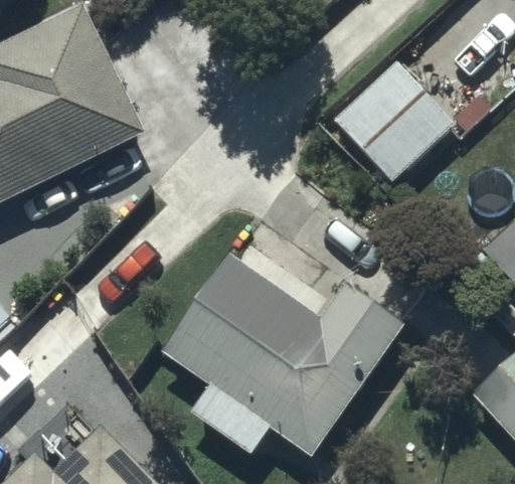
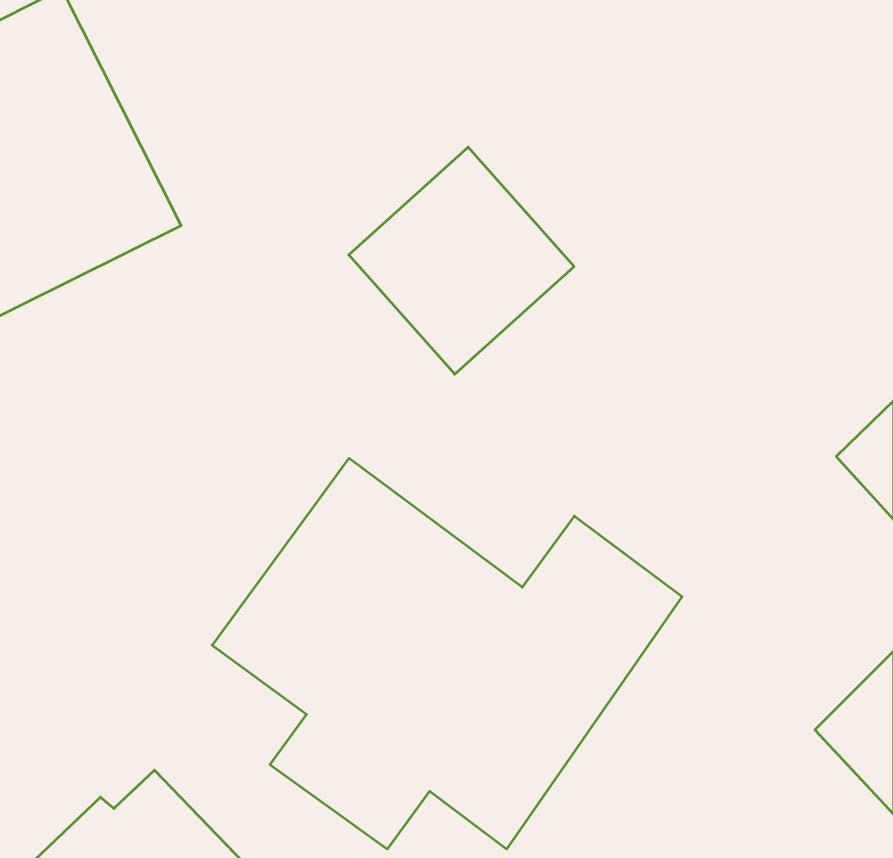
building: [335,62,453,181] -> [349,147,574,374]

